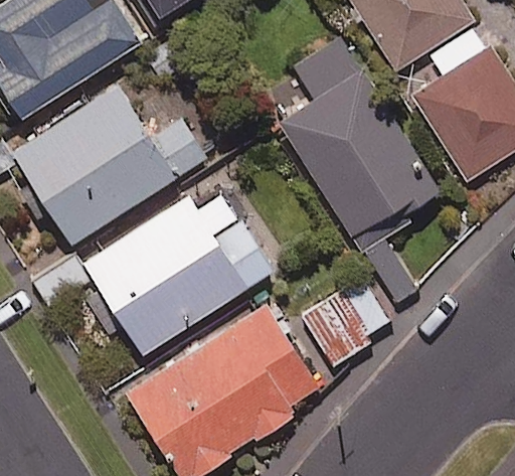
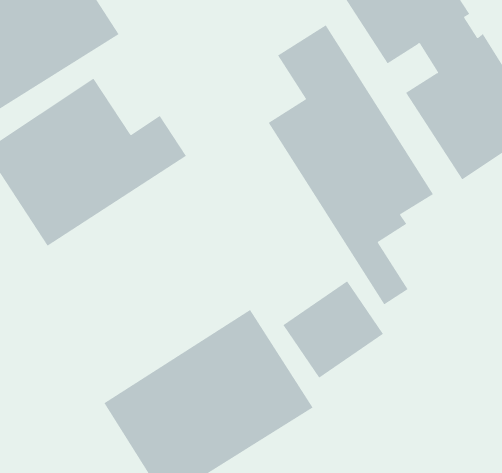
building: [83,196,273,354] -> none

